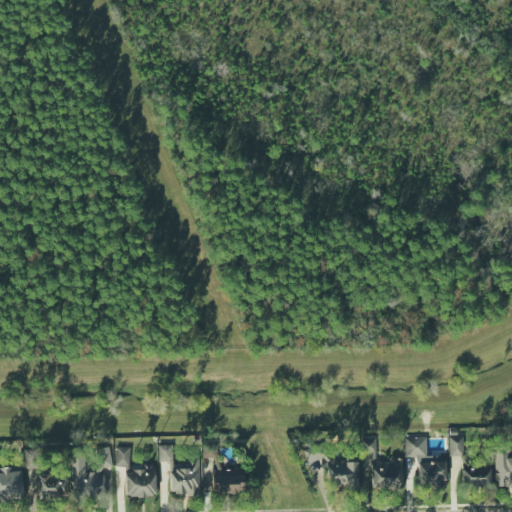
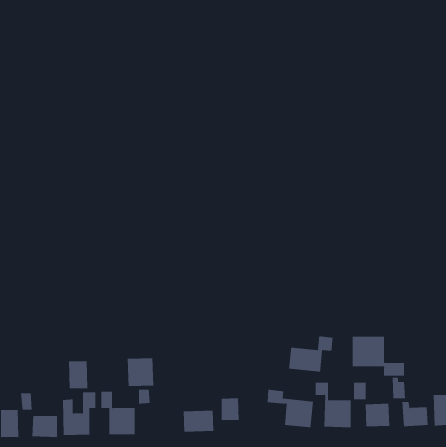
building: none -> [288,336,333,372]
building: none -> [352,336,404,376]
building: none -> [69,360,88,389]
building: none -> [221,398,239,421]
building: [170,462,201,495] -> [127,358,154,387]

